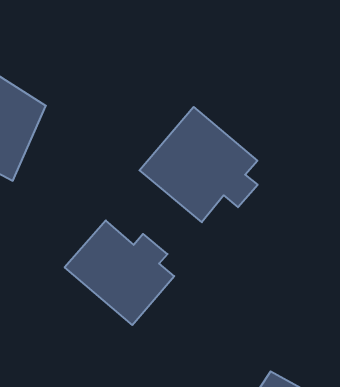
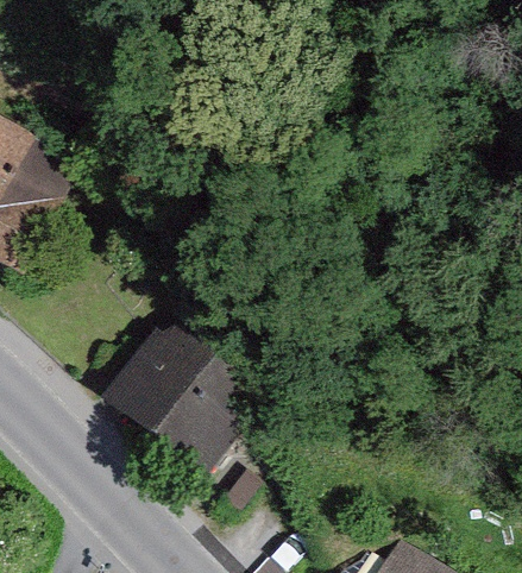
building: [139,107,258,222] -> none

